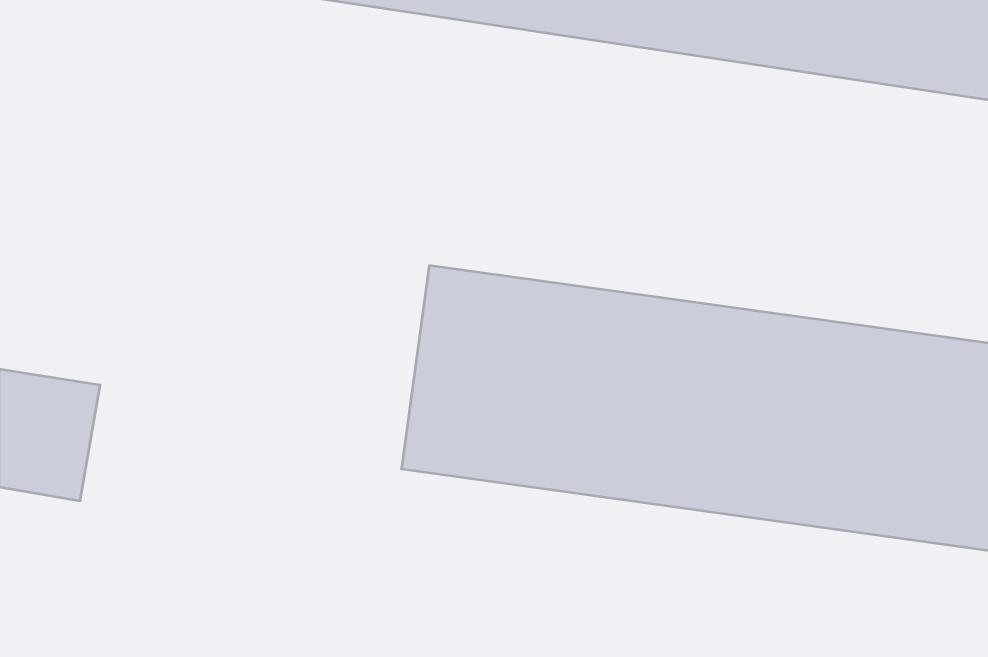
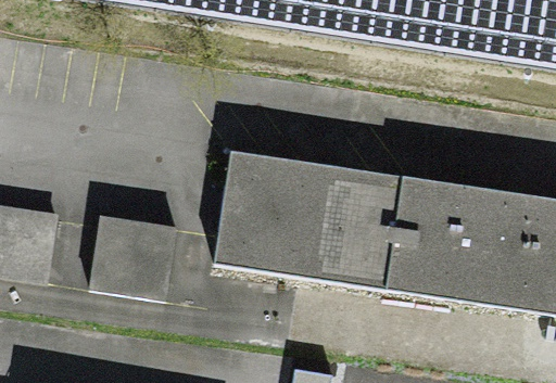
building: none -> [89,215,177,301]

